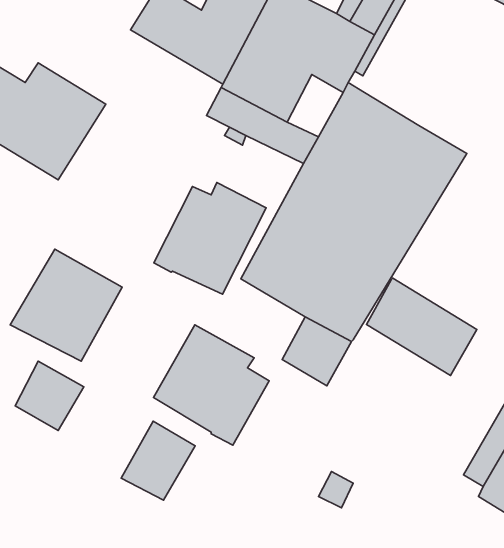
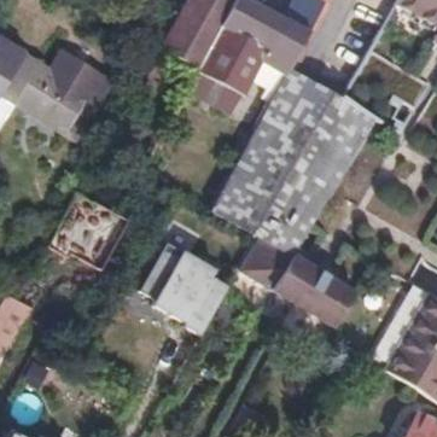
building: [154,182,266,294] -> none
building: [367,278,477,376] -> [274,254,355,325]
building: [15,361,84,431] -> none
building: [121,421,195,500] -> none

